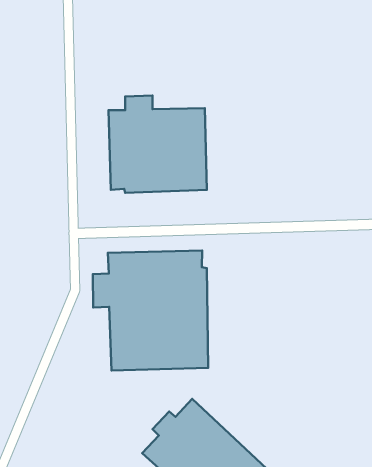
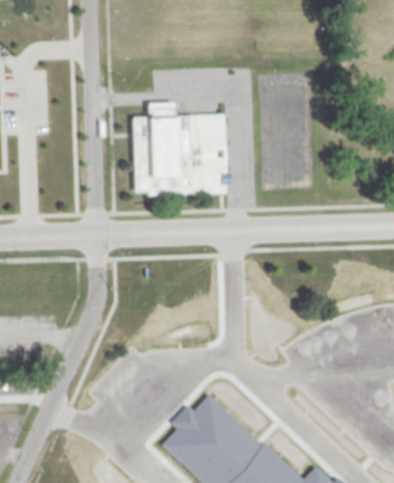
building: [93,250,208,371] -> none

